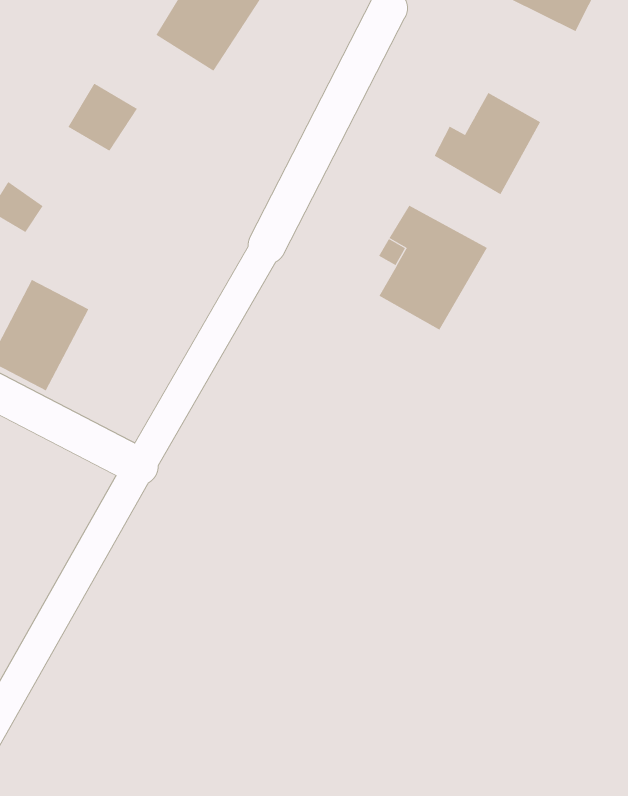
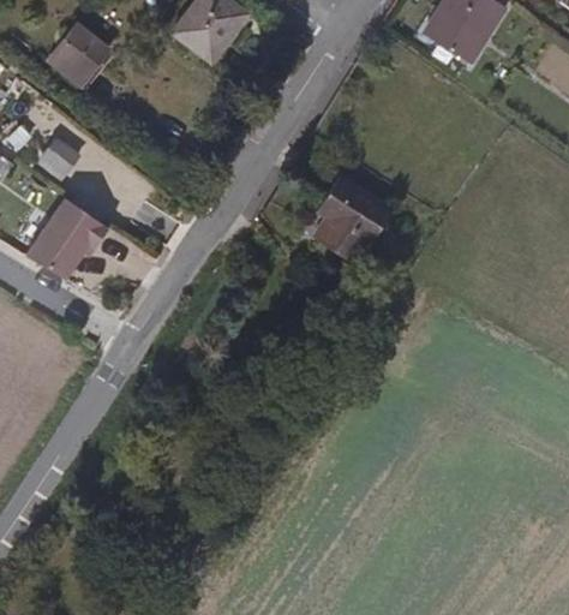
building: [68,83,138,151] -> [60,24,112,74]
building: [434,92,541,195] -> none

